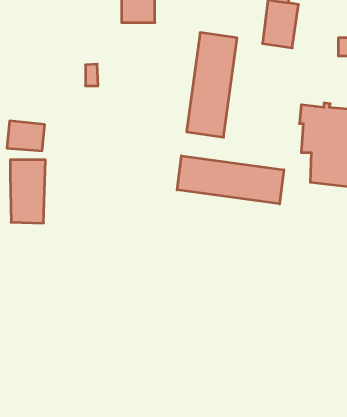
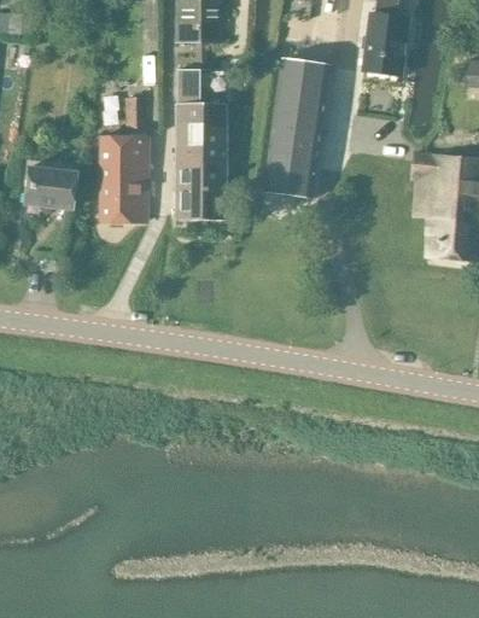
building: none -> [175,69,223,220]
building: [177,156,284,204] -> none
building: [10,160,45,223] -> [100,136,147,221]

